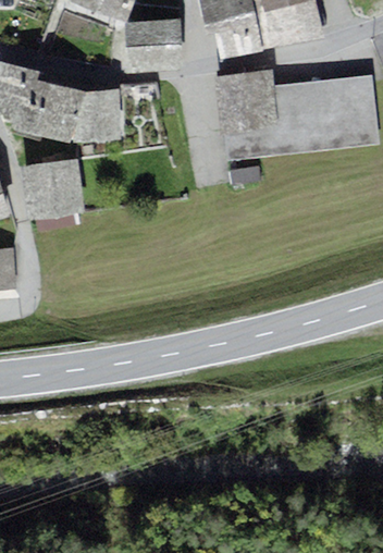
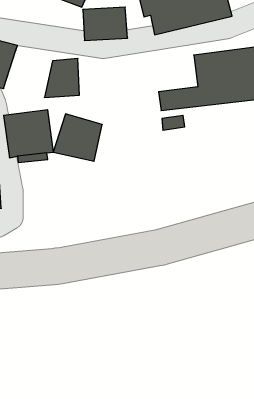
building: [214,69,279,133] -> none
building: [20,77,85,140] -> [53,114,102,161]

